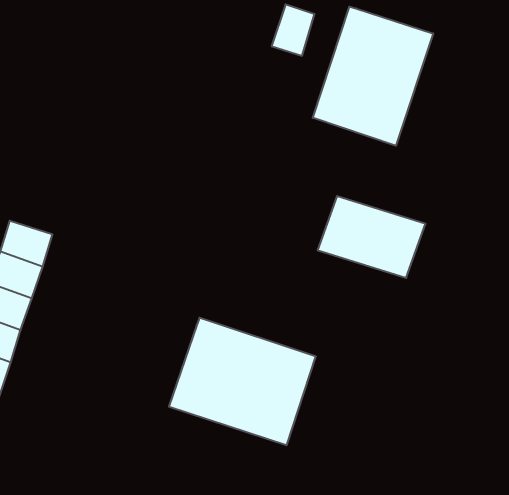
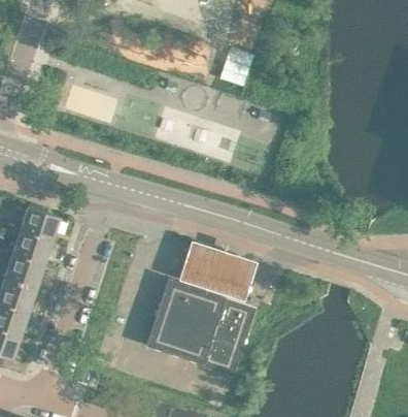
building: [313,7,433,146] -> none
building: [318,196,426,278] -> [177,239,258,300]

